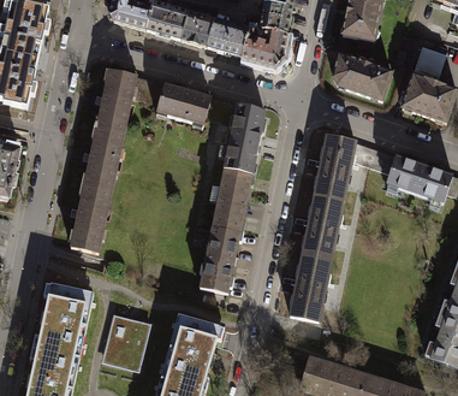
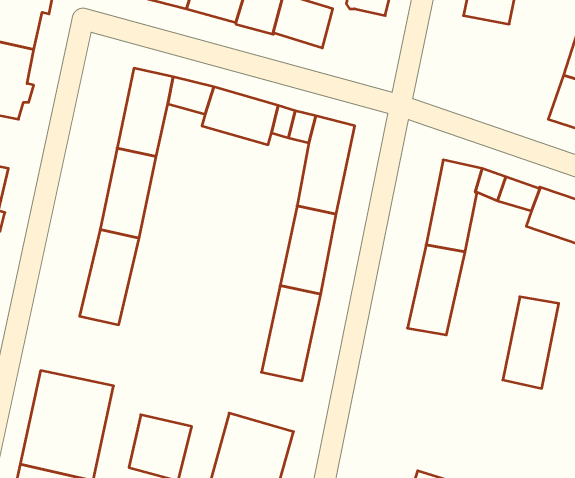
building: [242,29,286,65] -> none
building: [333,54,391,100] -> none
building: [290,255,329,320] -> [503,297,559,388]

